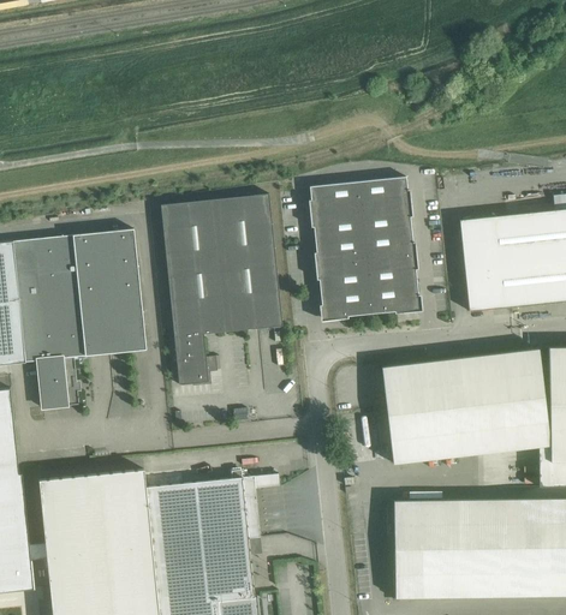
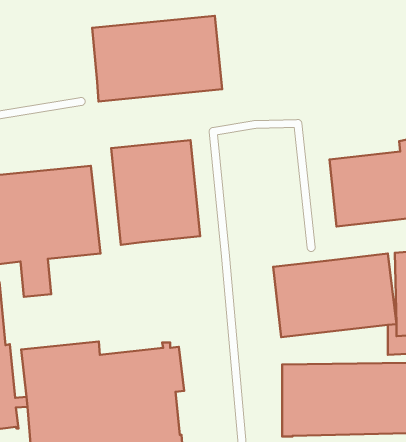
building: none -> [92,16,222,102]
building: [310,177,419,320] -> none
building: [174,334,219,386] -> none

